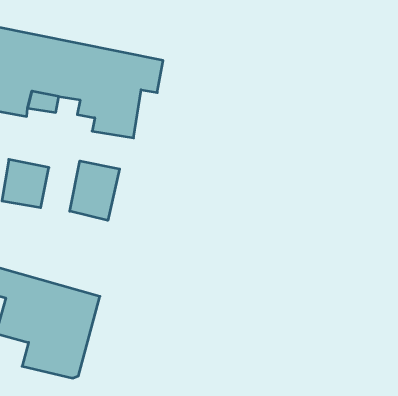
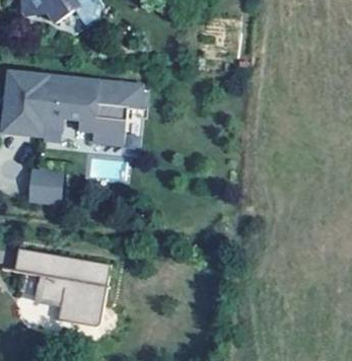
building: [70,161,120,220] -> none

